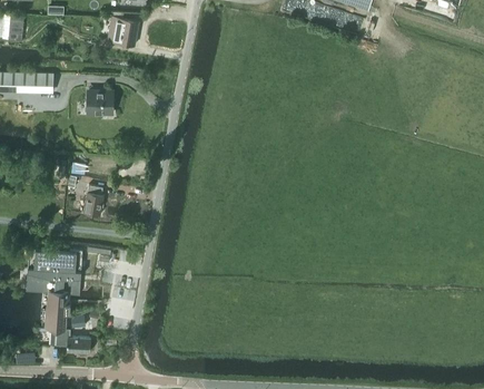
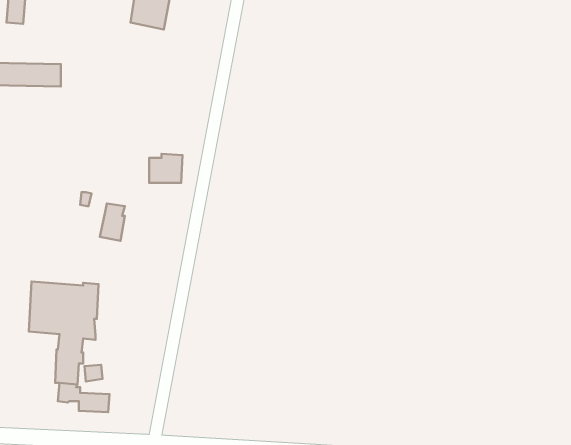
building: [86,90,112,114] -> [149,154,182,183]

